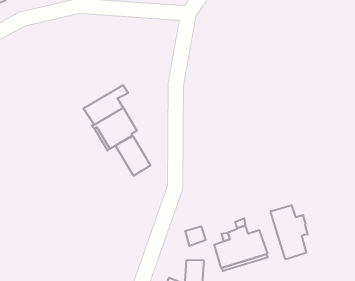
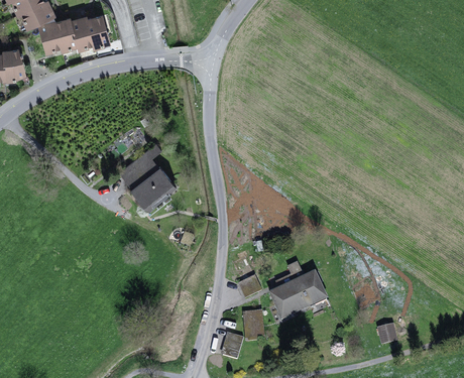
building: [115,136,150,176] -> none
building: [271,205,307,259] -> none

